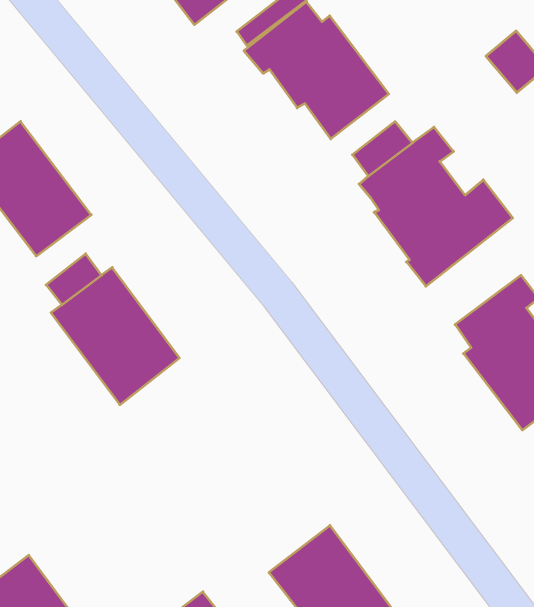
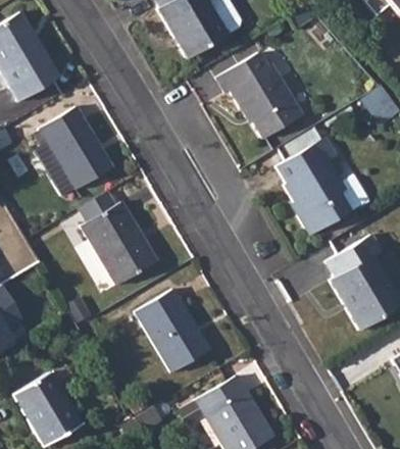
building: none -> [136,289,209,371]

